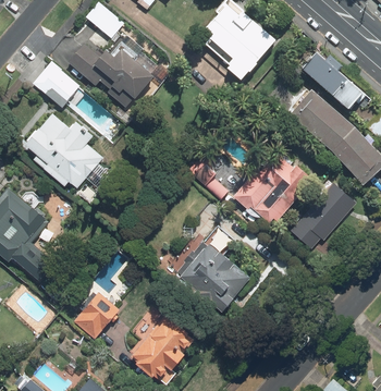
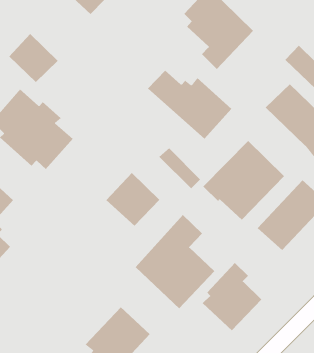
building: [67,41,151,107] -> [147,70,232,139]
building: none -> [105,172,160,226]
building: none -> [202,262,262,331]
building: [74,291,120,338] -> none

